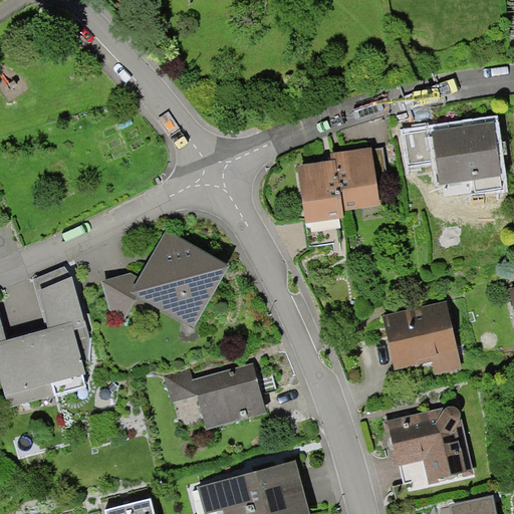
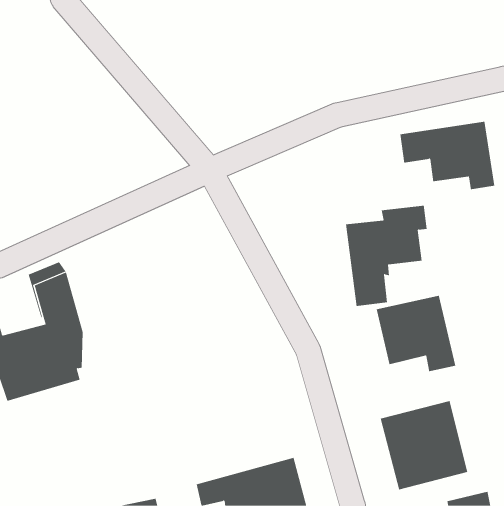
building: [298,148,381,250] -> [345,205,428,307]
building: [99,231,230,332] -> none
building: [162,359,270,430] -> none

